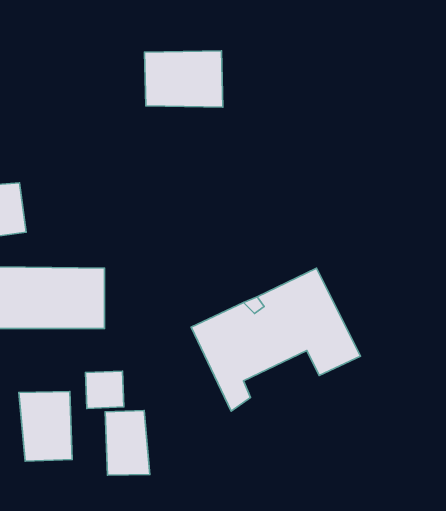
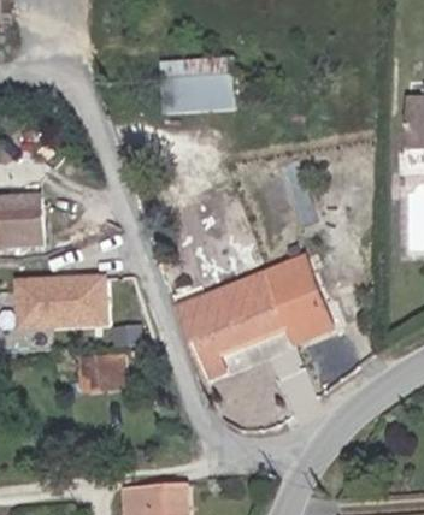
building: [19,392,72,461] -> none
building: [105,410,150,475] -> none

